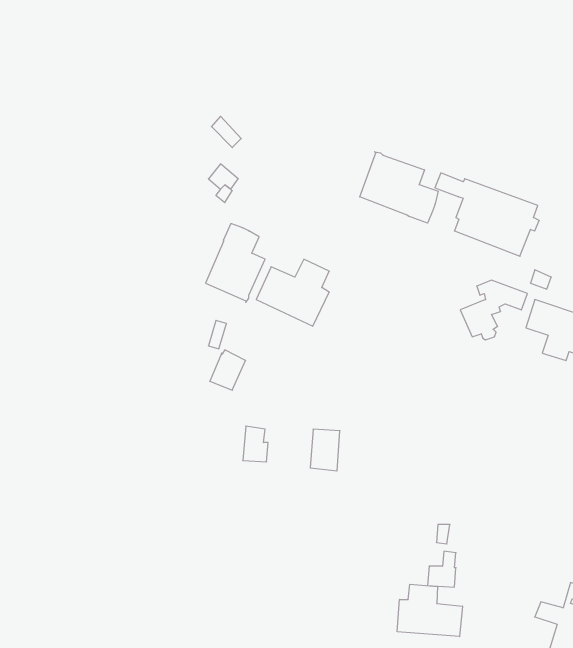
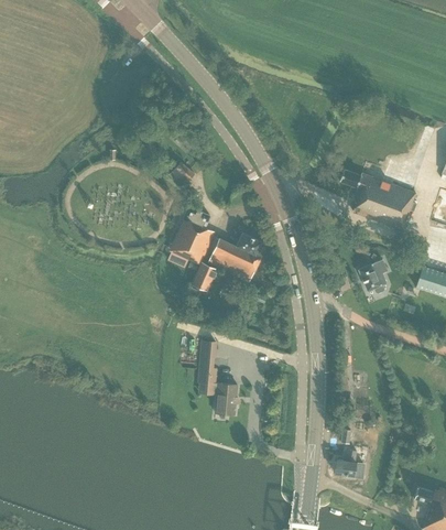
building: [360,152,438,223] -> none
building: [210,350,246,390] -> [191,261,217,291]
building: [310,429,340,471] -> [215,383,237,414]
building: [397,584,462,637] -> none

